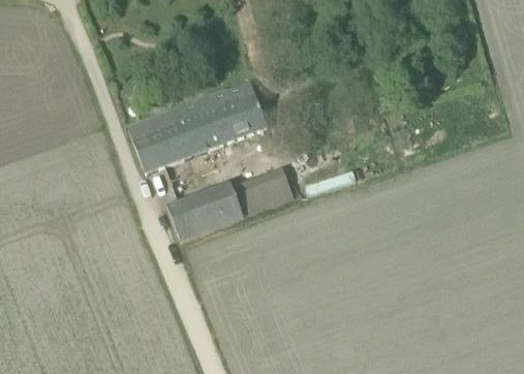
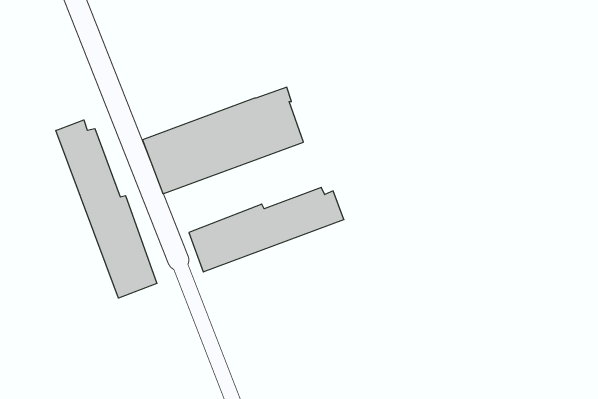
building: none -> [56,120,157,298]

